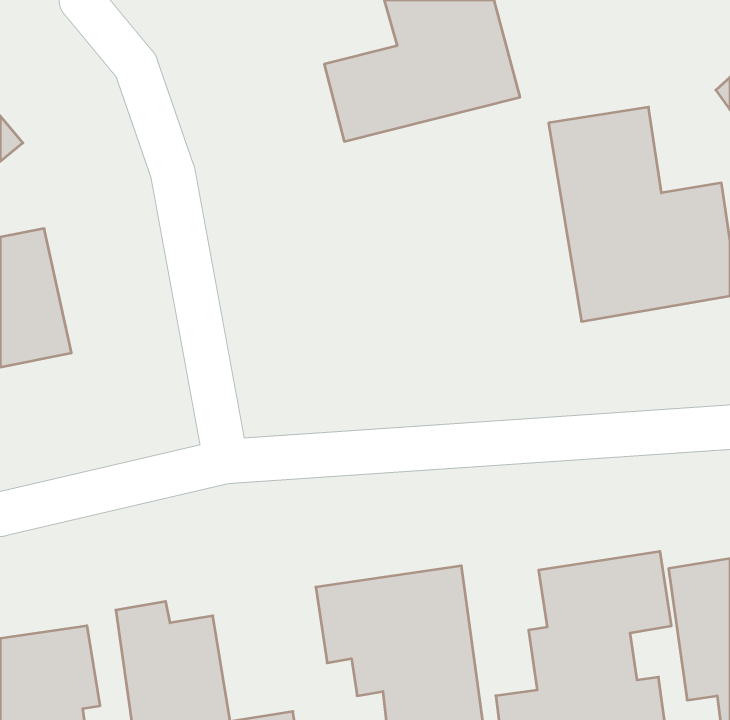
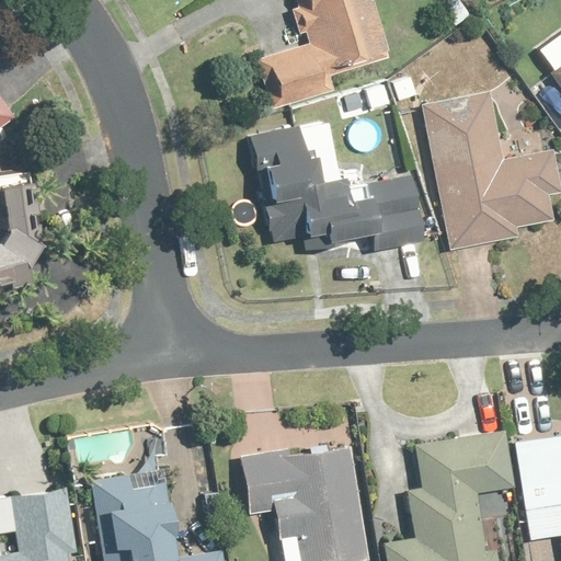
building: none -> [249,119,427,262]

